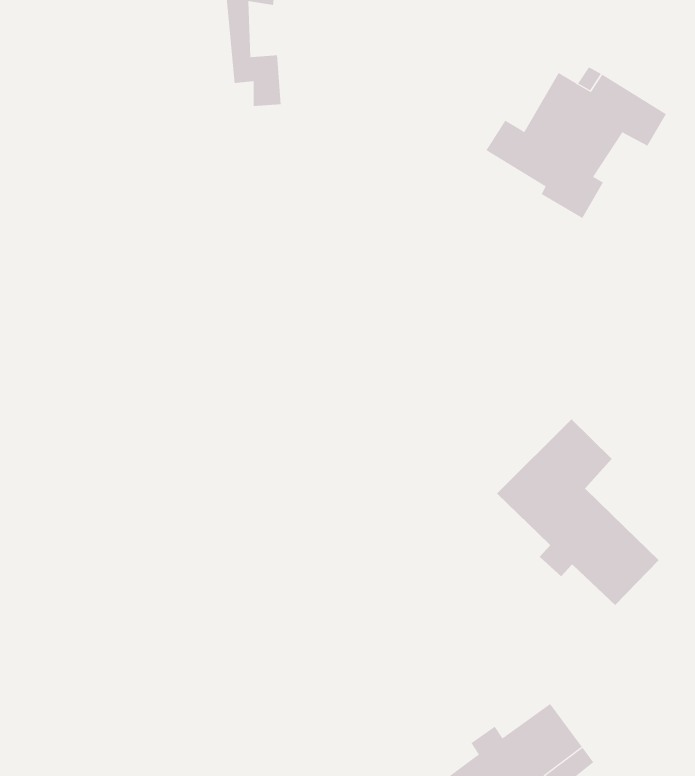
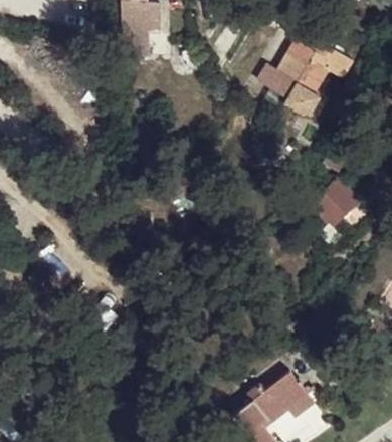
building: none -> [312,179,359,227]
building: [496,419,659,606] -> none

